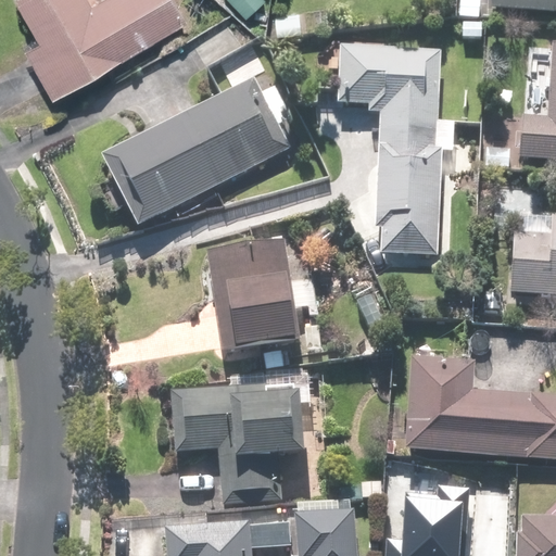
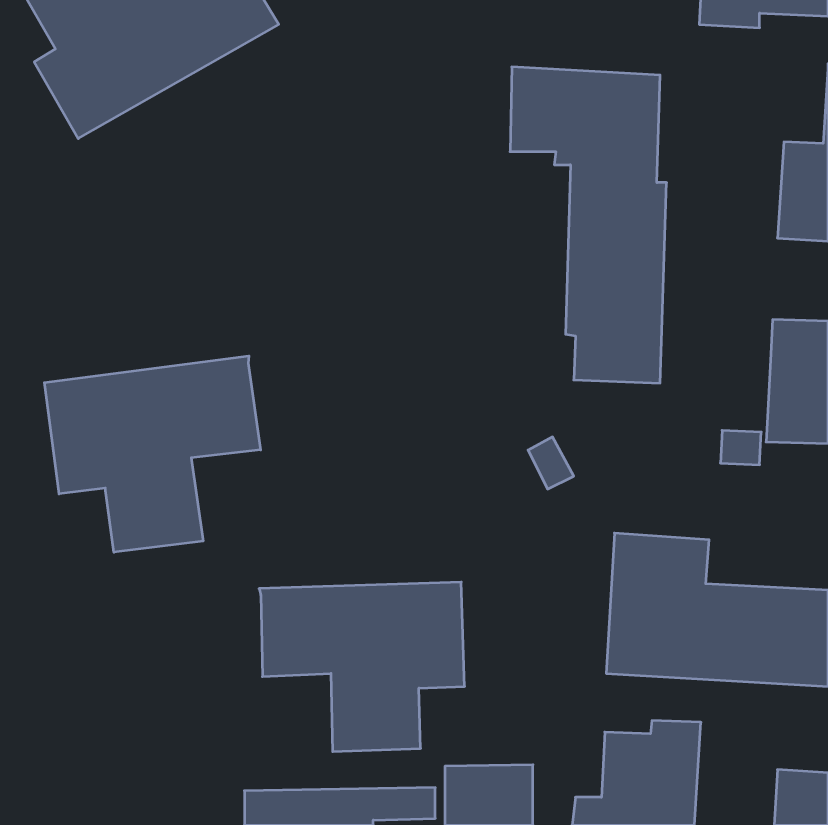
building: [104,76,289,226] -> none
building: none -> [44,356,261,552]
building: [210,241,315,350] -> none

